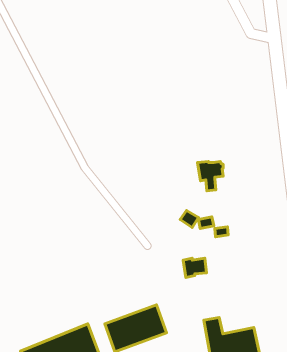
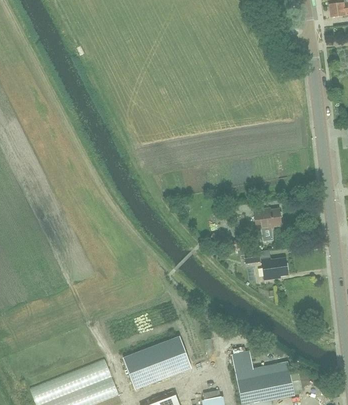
building: [198,162,223,191] -> [253,209,281,241]
building: [183,258,207,277] -> [261,258,287,279]

